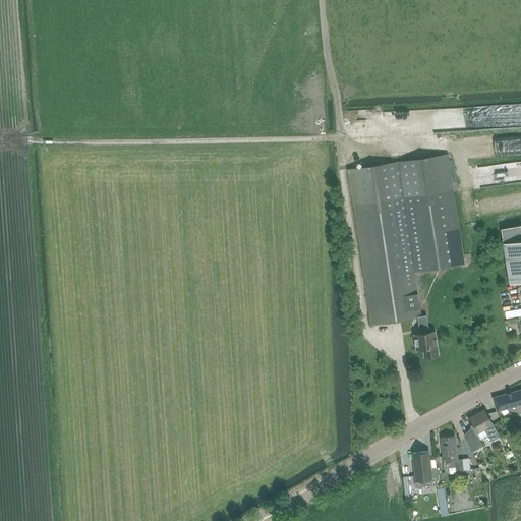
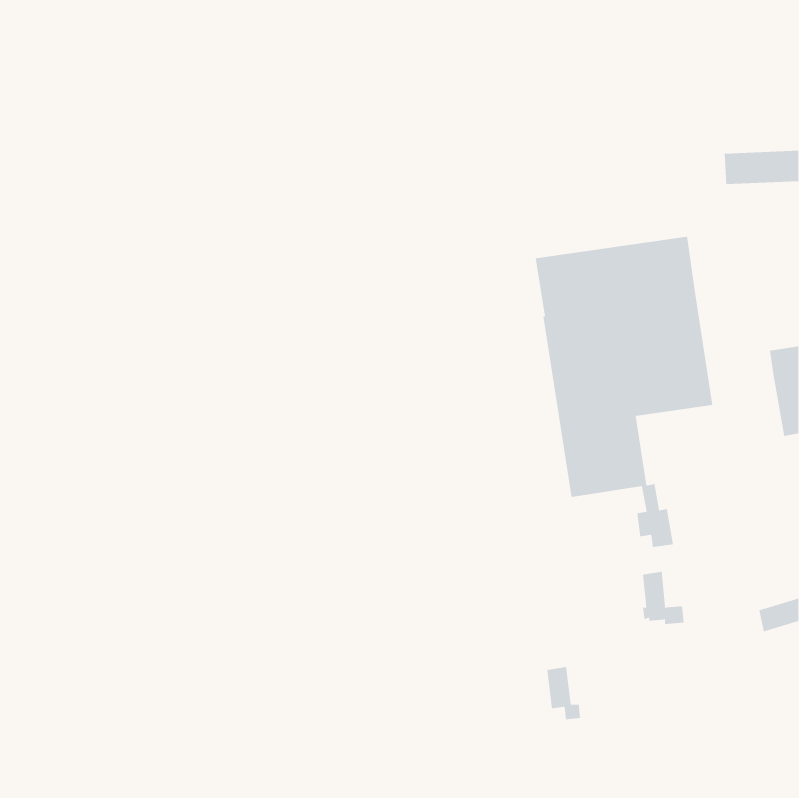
building: [465,410,500,452] -> none
building: [442,437,469,471] -> [642,571,685,624]
building: [415,452,438,486] -> [547,667,581,720]

